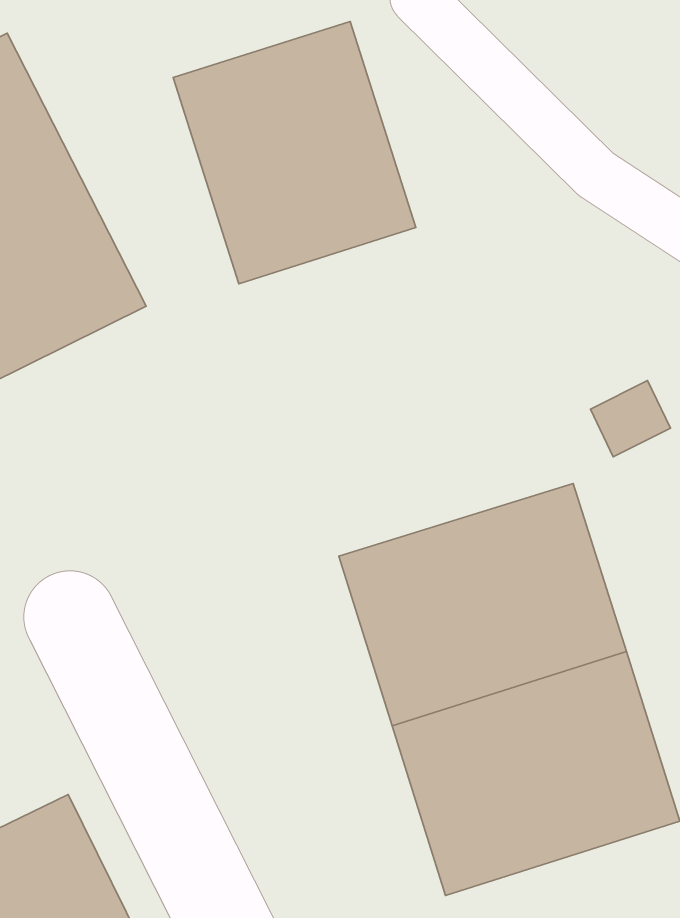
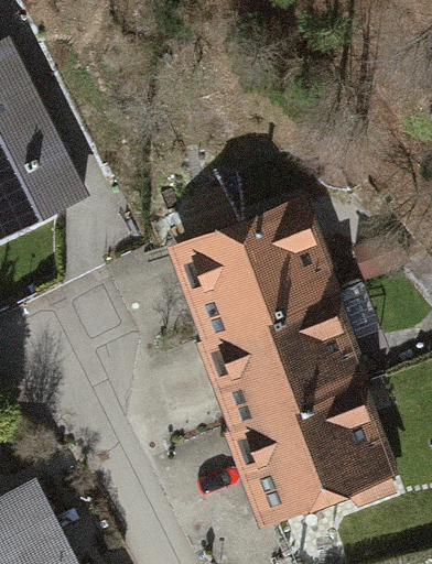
building: [173,21,416,284] -> none
building: none -> [174,196,341,336]

